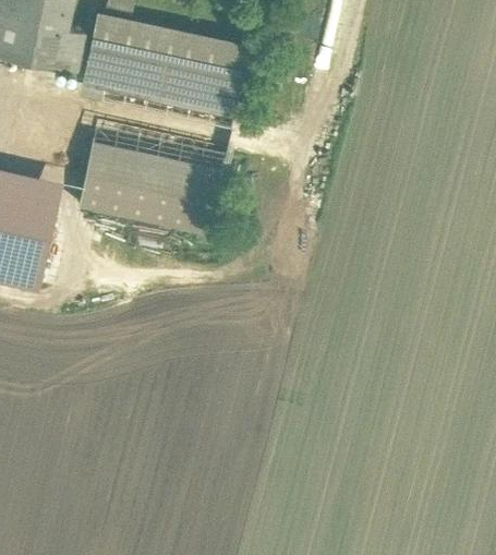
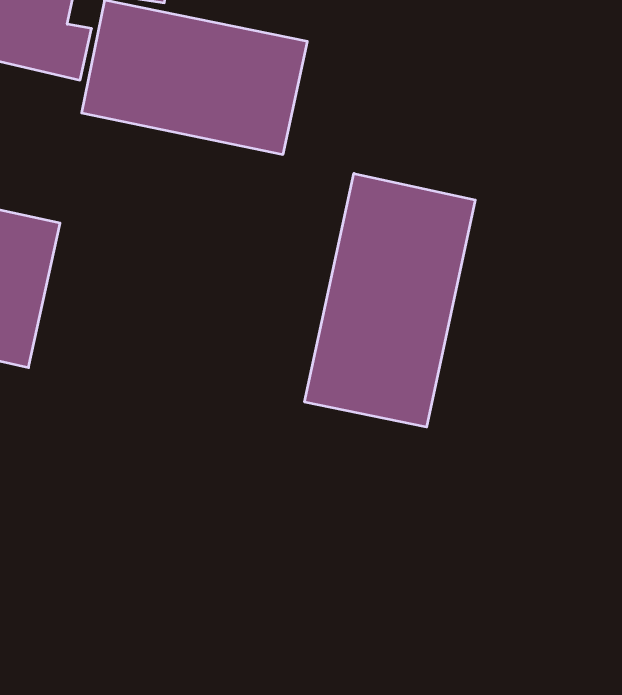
building: [75,125,219,234] -> none
building: none -> [305,173,475,427]

